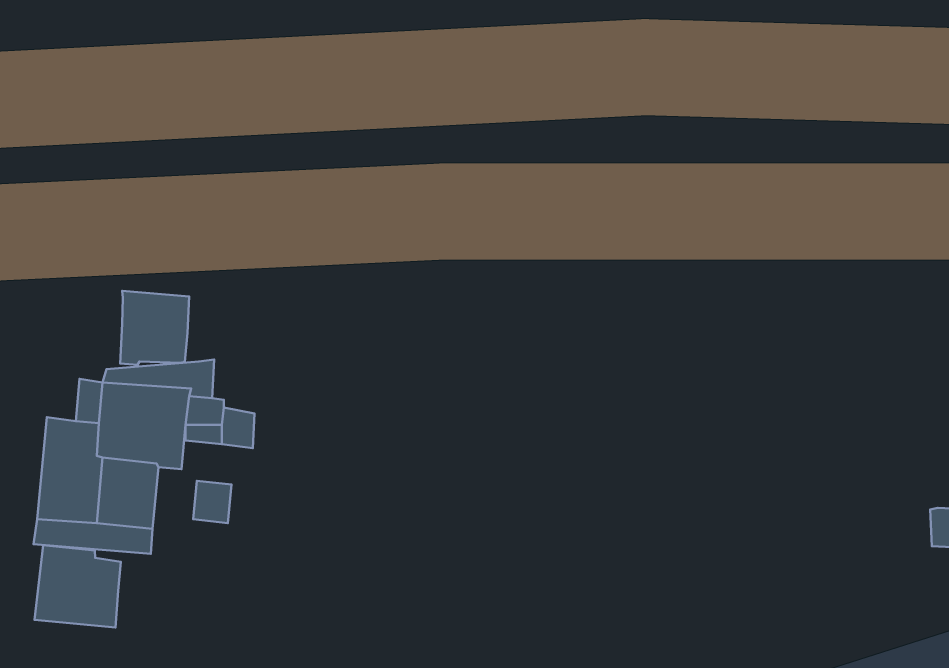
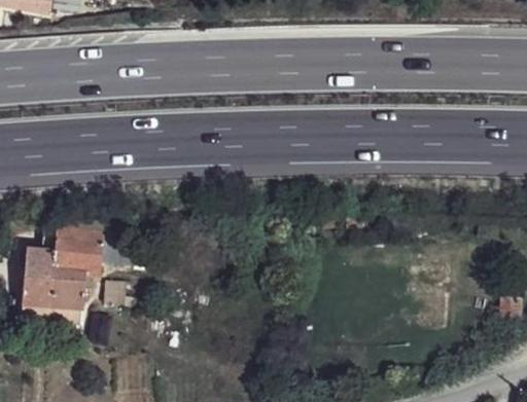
building: [120,291,189,365] -> none
building: [35,545,121,628] -> none

